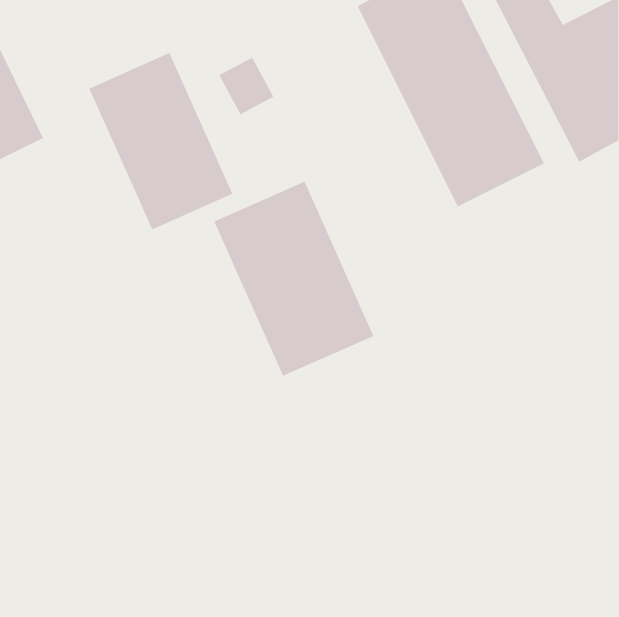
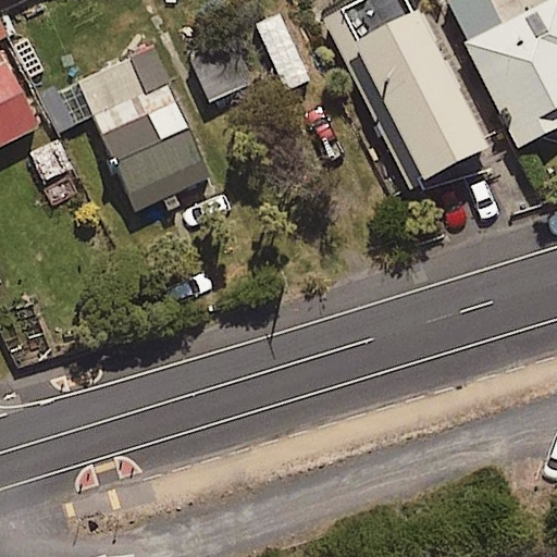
building: [214,181,374,377] -> none

